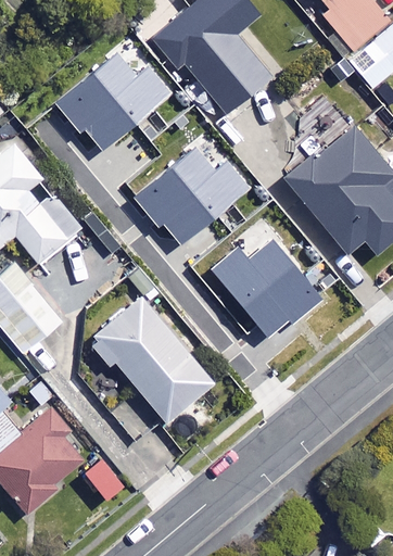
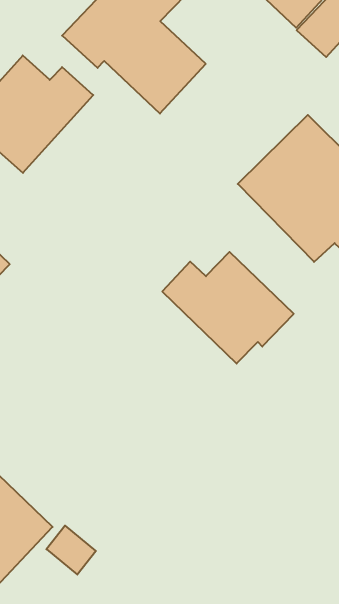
building: [130,146,250,244] -> none
building: [88,295,214,434] -> none

